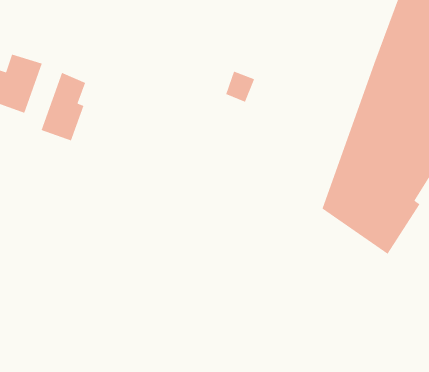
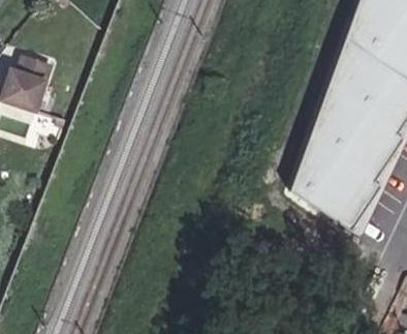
building: [41,72,86,142] -> none

